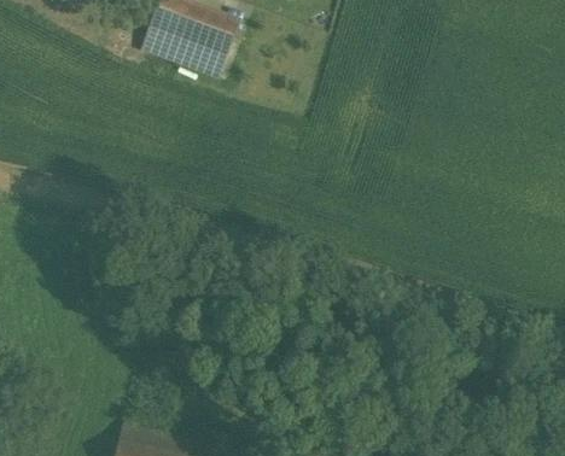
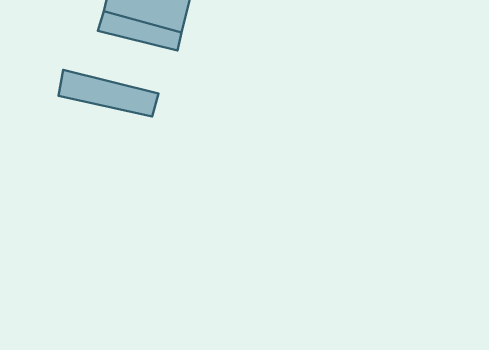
building: none -> [58,70,159,117]

